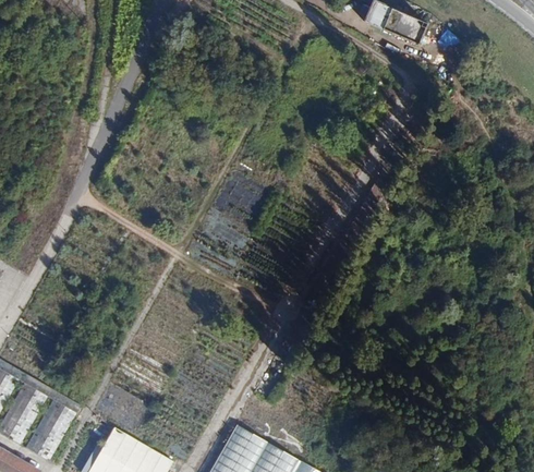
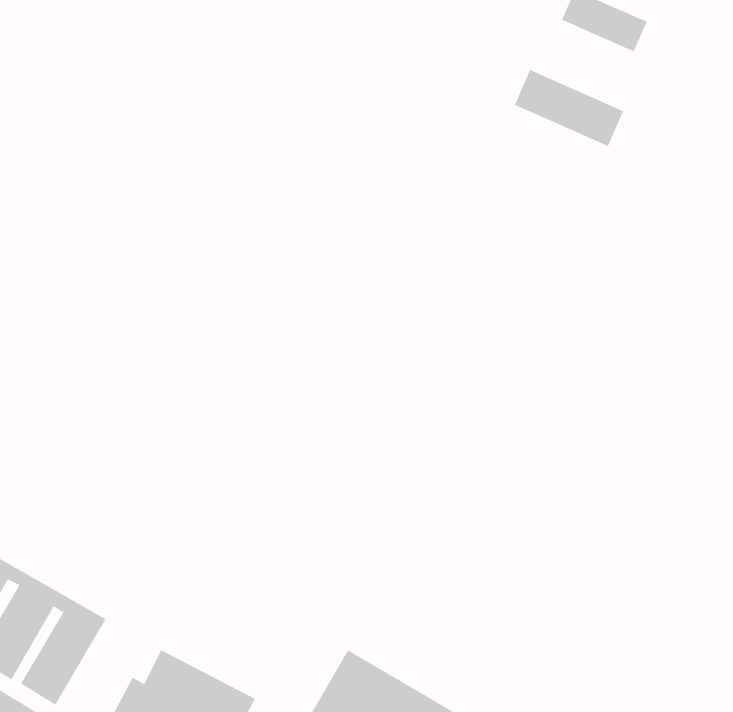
building: none -> [514,69,624,147]

